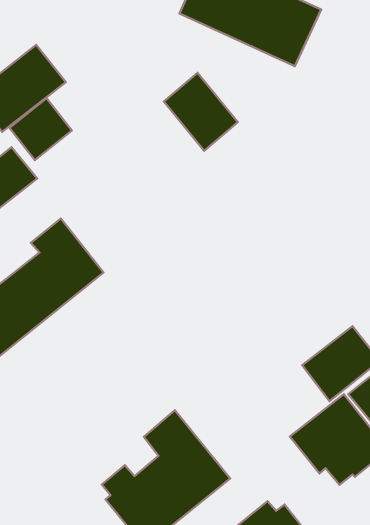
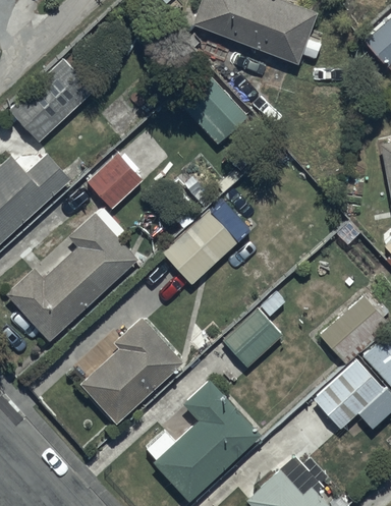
building: [9,98,72,160] -> [88,152,144,208]
building: none -> [163,210,239,285]
building: none -> [223,307,283,368]
building: none -> [81,316,183,423]

